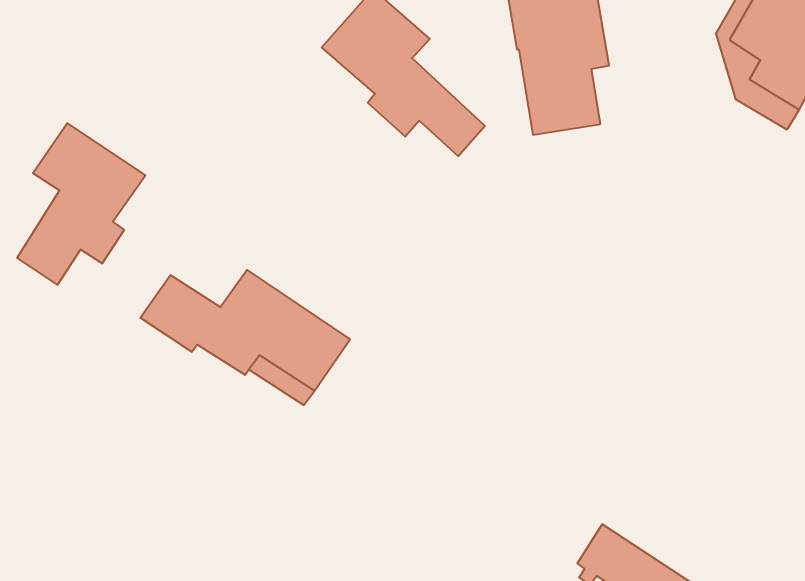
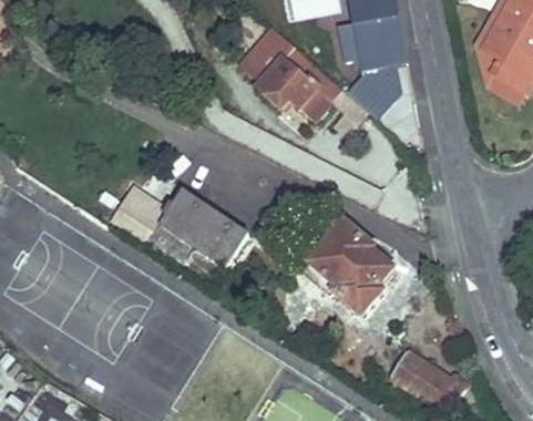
building: [17,123,145,285] -> none
building: none -> [305,218,394,311]

